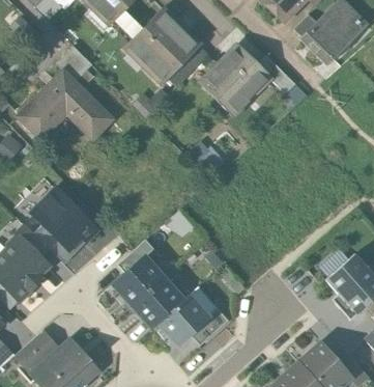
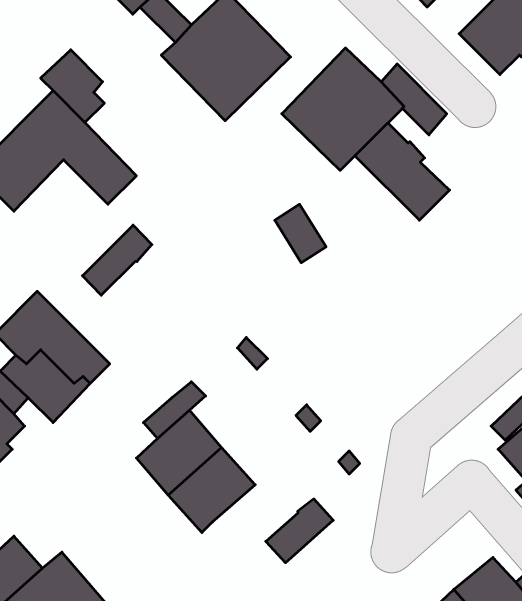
building: none -> [355,123,450,220]
building: none -> [82,225,152,295]
building: [157,295,207,343] -> none

